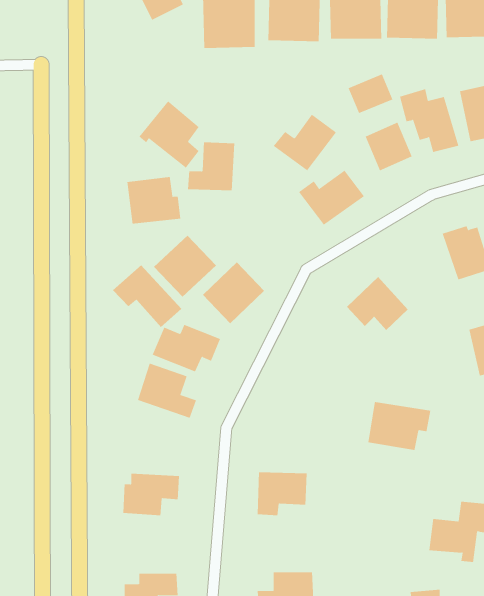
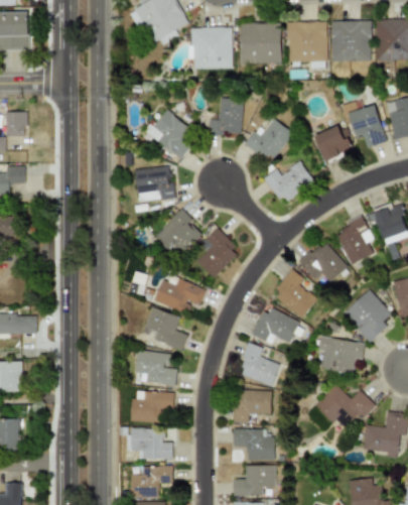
building: [348,74,393,114] -> none
building: [187,142,235,191] -> [207,97,243,134]
building: none -> [333,217,374,265]
building: [112,265,182,328] -> none
building: none -> [273,269,317,318]
building: none -> [343,288,391,342]
building: none -> [252,307,299,343]
building: none -> [238,343,280,386]
building: none -> [134,350,177,385]
building: none -> [314,385,376,427]
building: none -> [128,427,173,459]
building: none -> [233,428,275,460]

